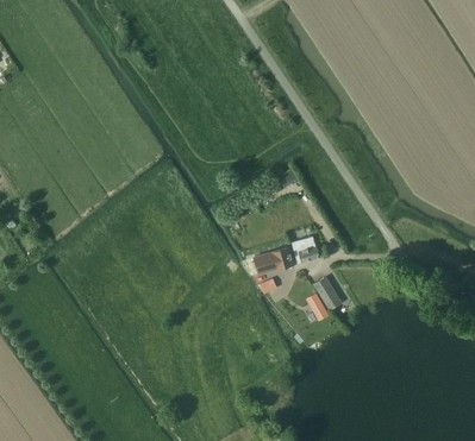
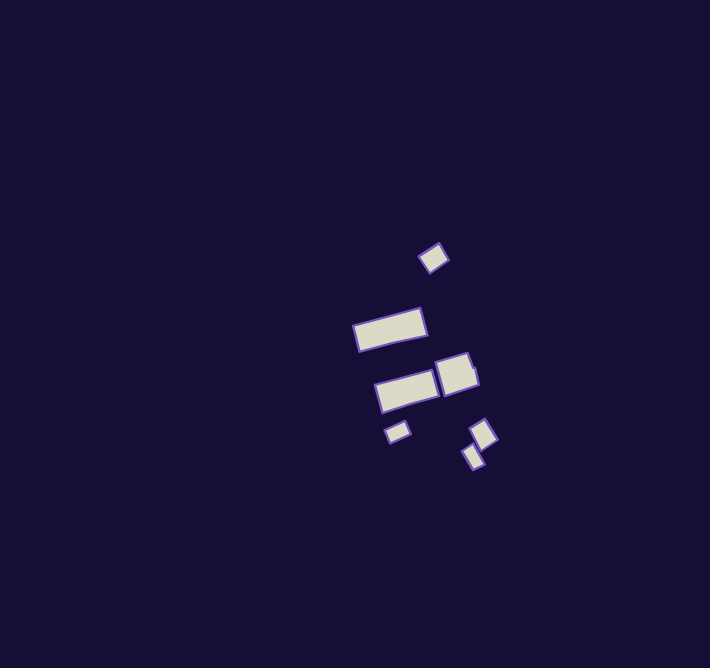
building: none -> [353,308,428,352]

